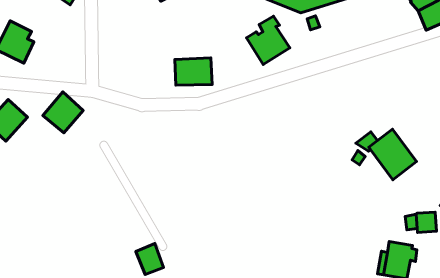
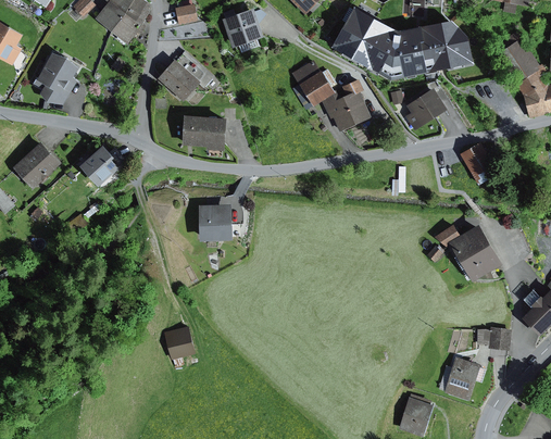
building: none -> [291,63,331,106]
building: none -> [161,58,204,100]
building: none -> [403,89,444,131]
building: none -> [458,142,497,186]
building: [175,58,212,85] -> [186,111,229,145]
building: none -> [200,201,234,238]

